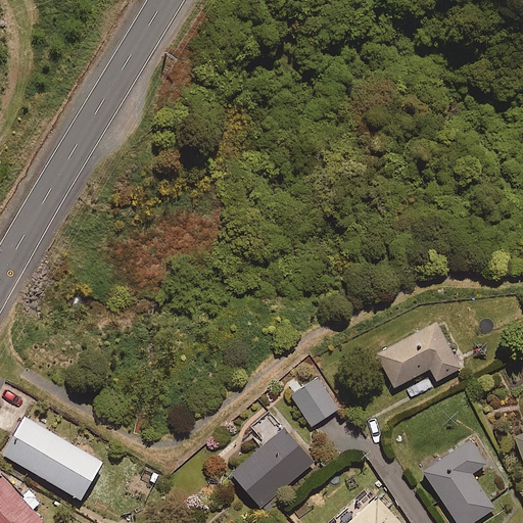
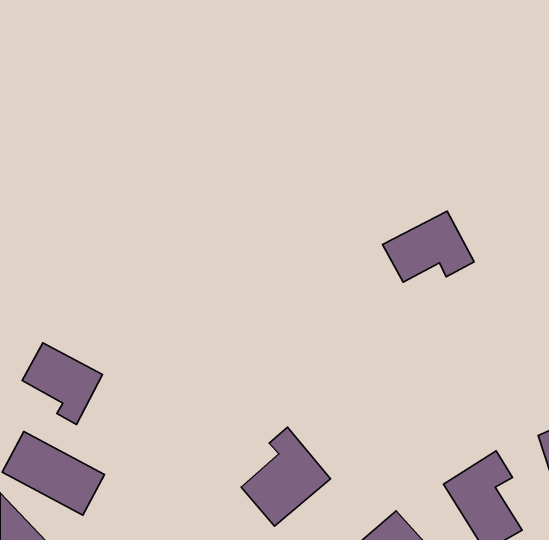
building: [375,320,462,387] -> [383,211,474,282]
building: none -> [22,343,103,425]
building: [290,377,339,428] -> none

